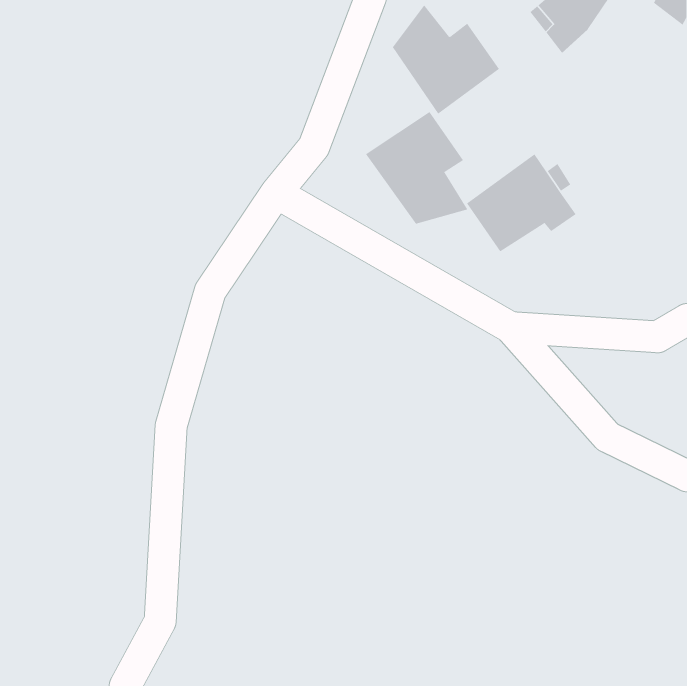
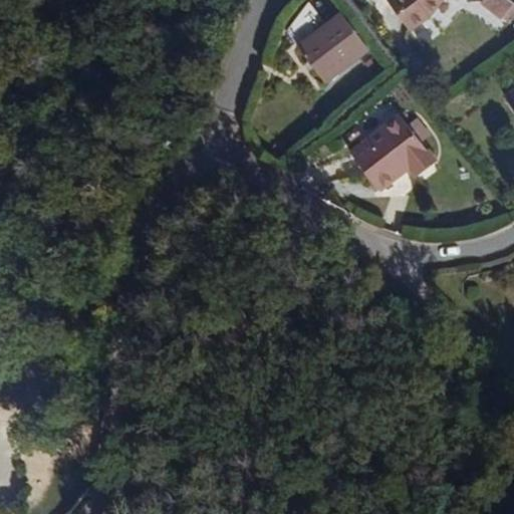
building: [365,111,468,225] -> none

